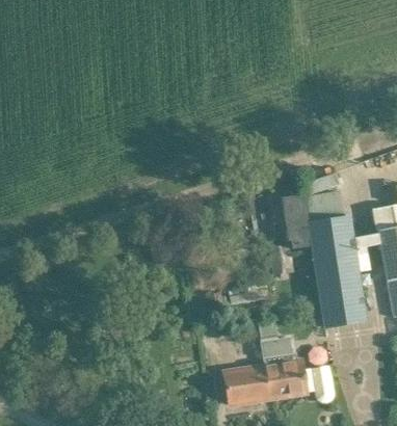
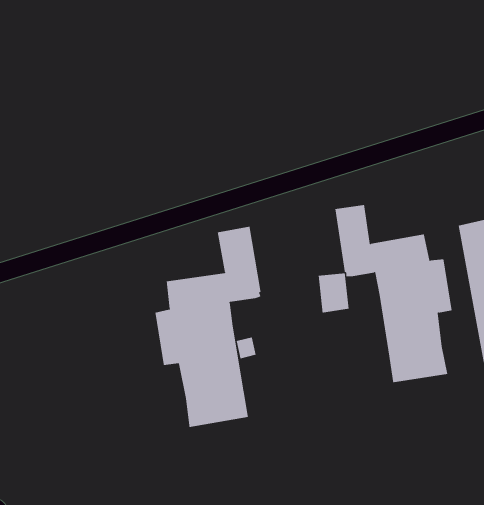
building: none -> [155,226,261,428]
building: [224,337,334,404] -> none

